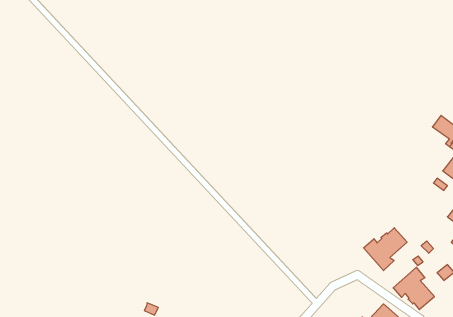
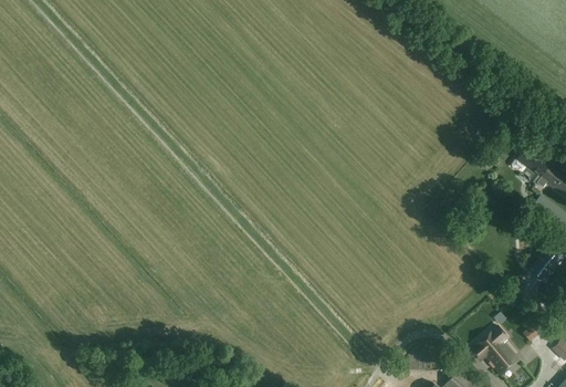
building: [364,228,407,271] -> none

